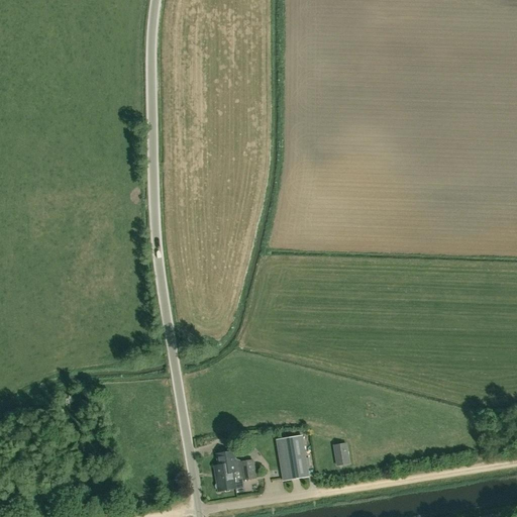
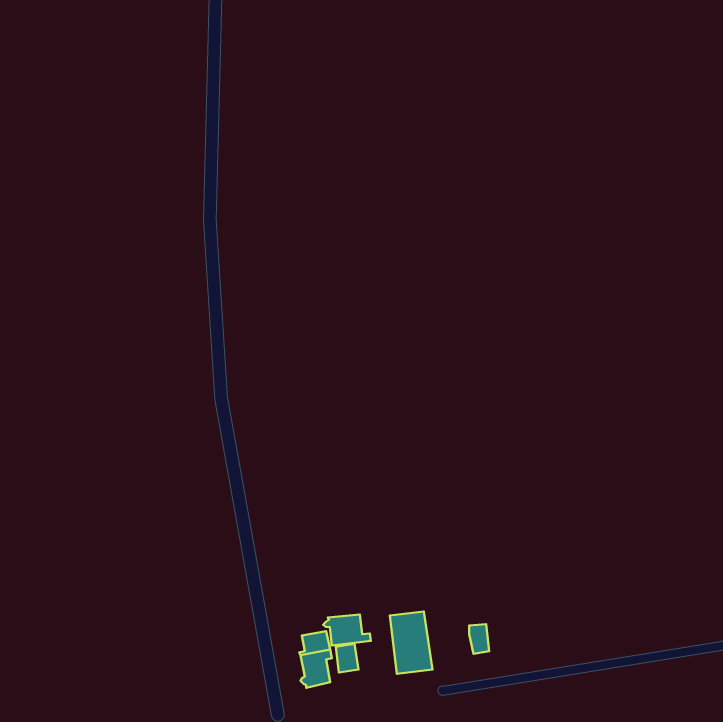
building: none -> [323,614,371,646]

